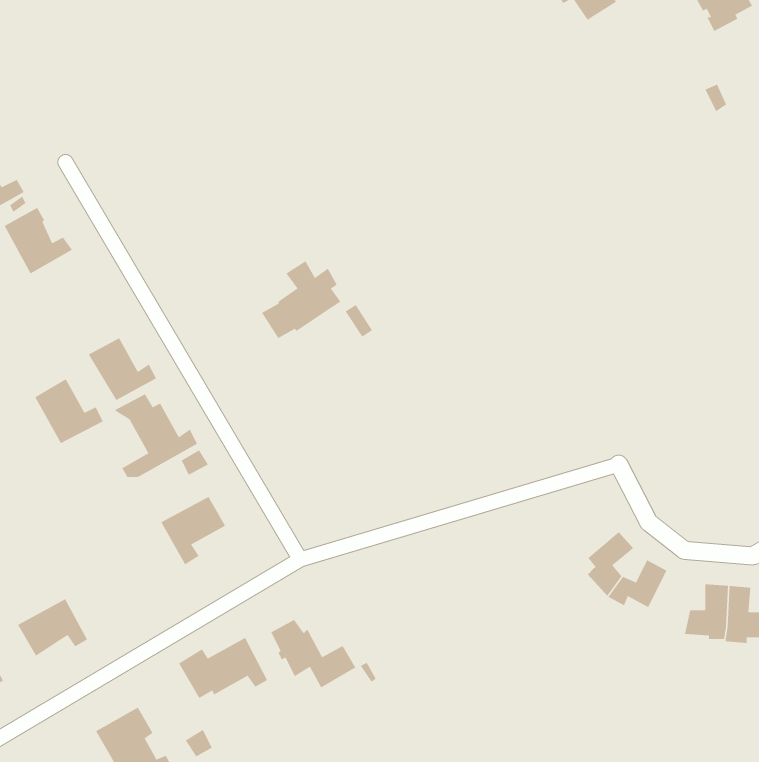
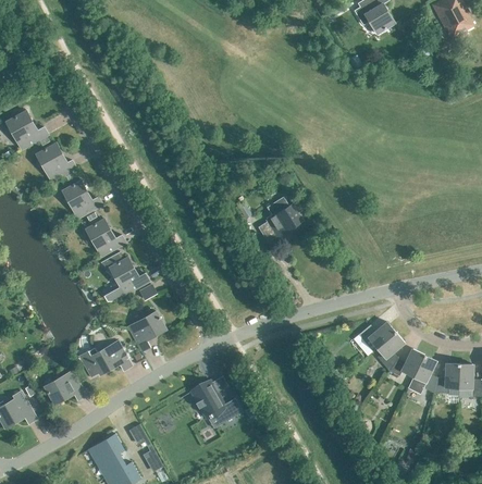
building: [261,260,341,339] -> [257,196,304,241]
building: [35,378,103,444] -> [62,179,102,218]
building: none -> [358,322,395,351]
building: none -> [407,355,436,393]
building: [178,637,268,699] -> [78,340,131,376]

